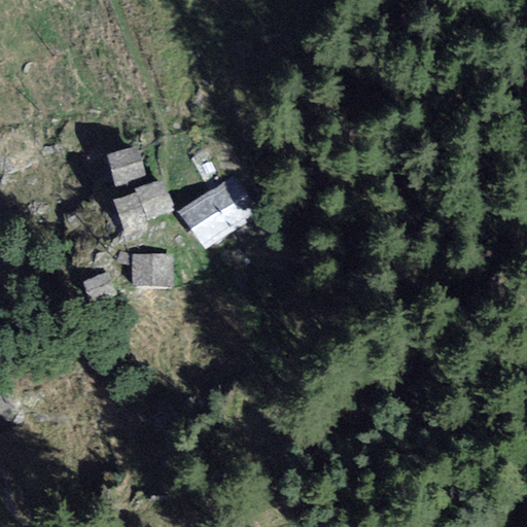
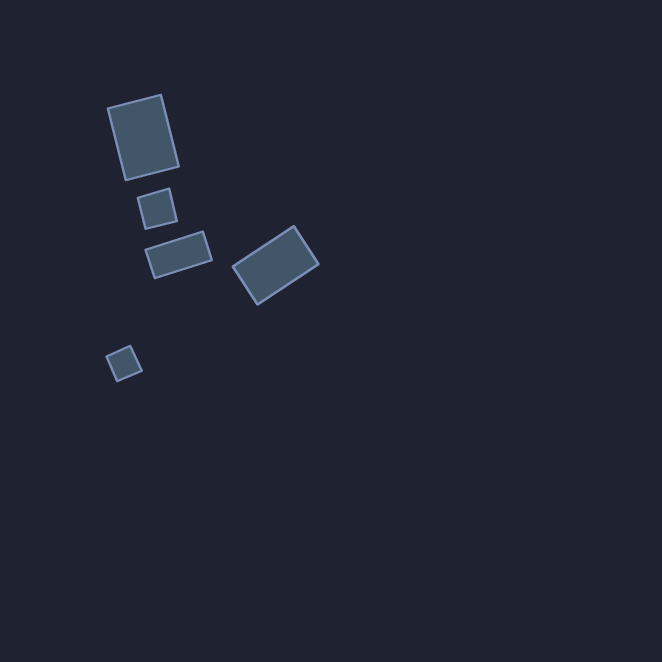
building: none -> [108,95,179,180]
building: [134,255,167,281] -> none

